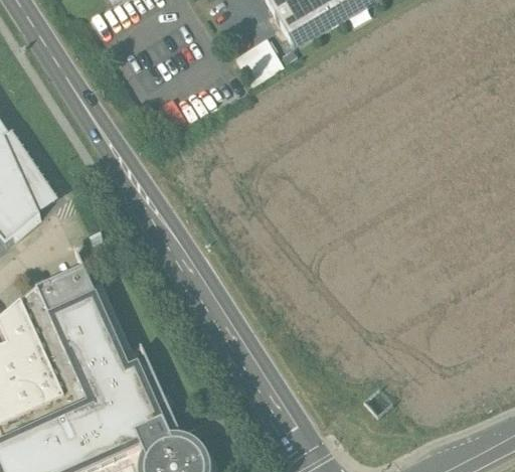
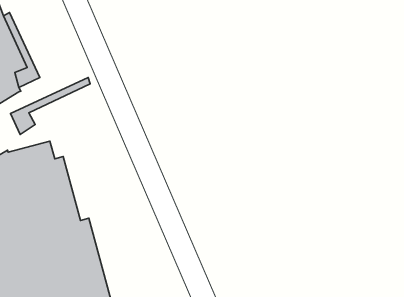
building: none -> [10,77,90,135]

